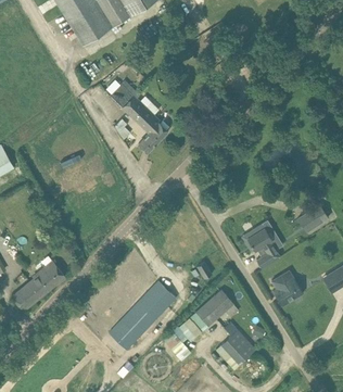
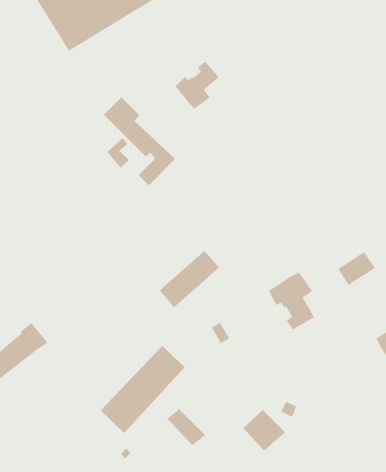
building: none -> [175,61,220,110]
building: [271,269,303,305] -> none
building: [185,289,233,336] -> [159,250,220,308]

